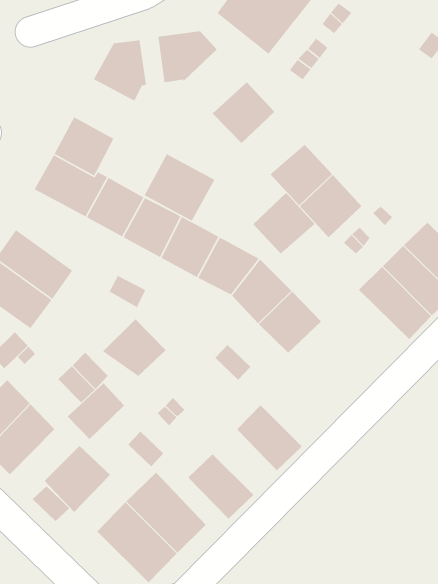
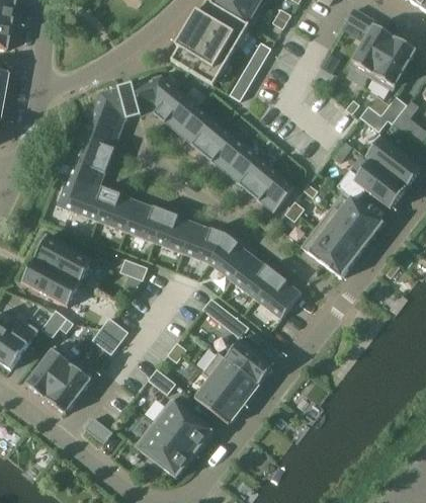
building: none -> [154,86,199,133]
building: none -> [78,119,120,160]
building: [144,153,215,222] -> none
building: [252,192,316,255] -> [201,125,247,171]
building: [102,318,167,377] -> none
building: none -> [255,272,302,318]
building: [67,382,125,440] -> none
building: none -> [201,351,258,404]
building: [44,445,111,513] -> none

